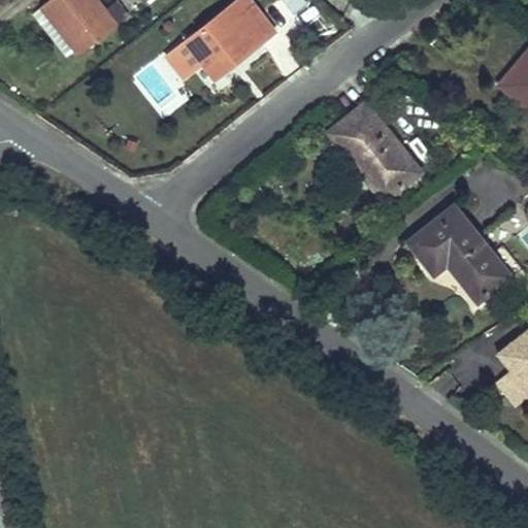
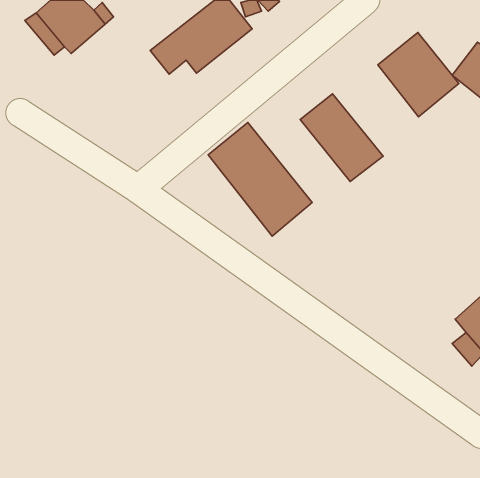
building: none -> [378,32,459,117]
building: none -> [208,123,312,236]
building: [409,204,513,299] -> none

